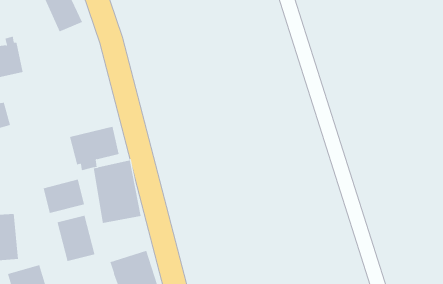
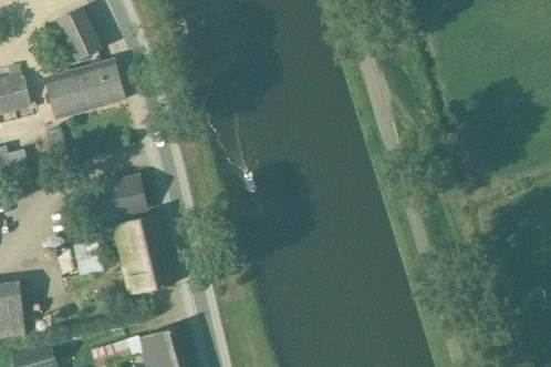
building: none -> [45,59,124,119]
building: [57,215,95,262] -> none

